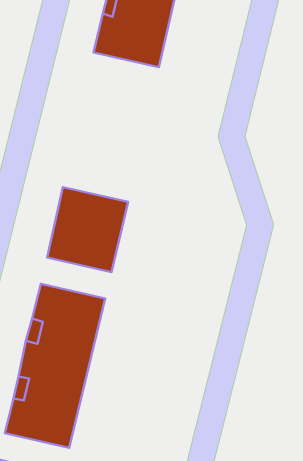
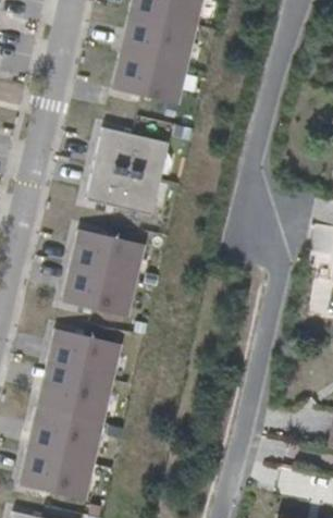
building: none -> [85,127,169,217]

